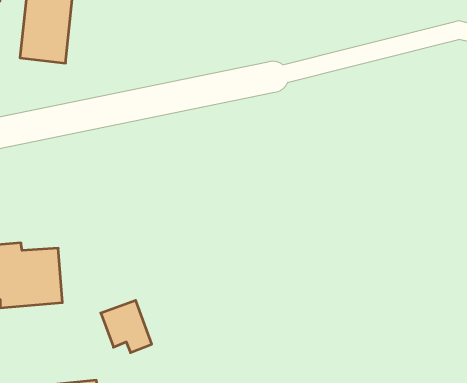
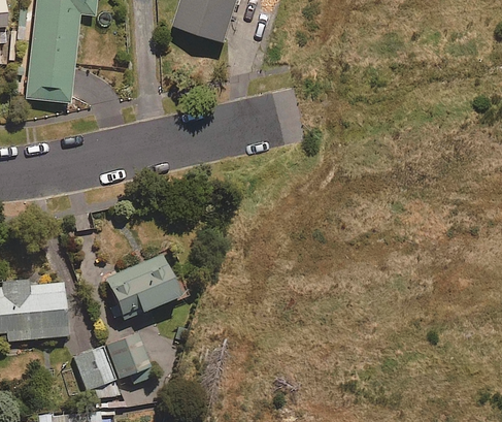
building: none -> [105,255,178,320]
building: none -> [75,346,122,397]

